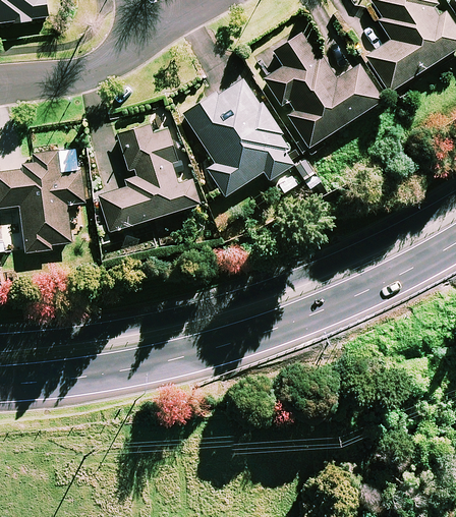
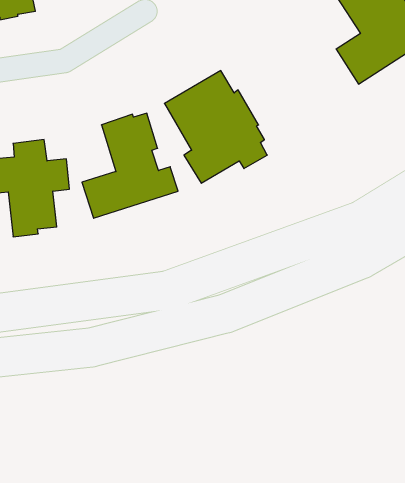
building: [262,32,381,148] -> none

